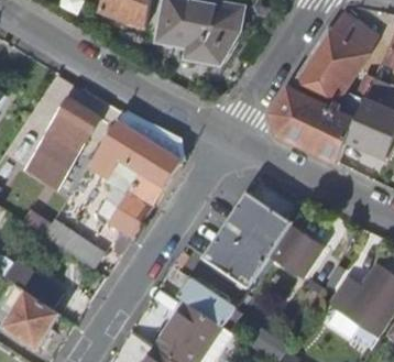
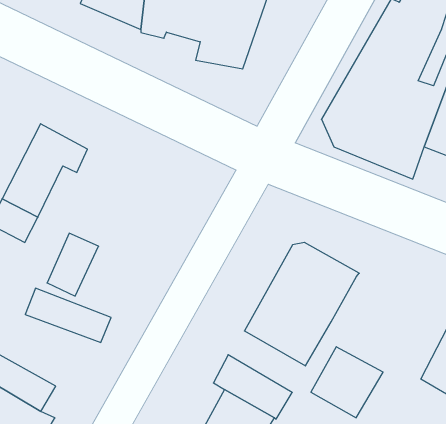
building: [89,112,184,235] -> none
building: [269,228,322,281] -> [311,347,383,418]

